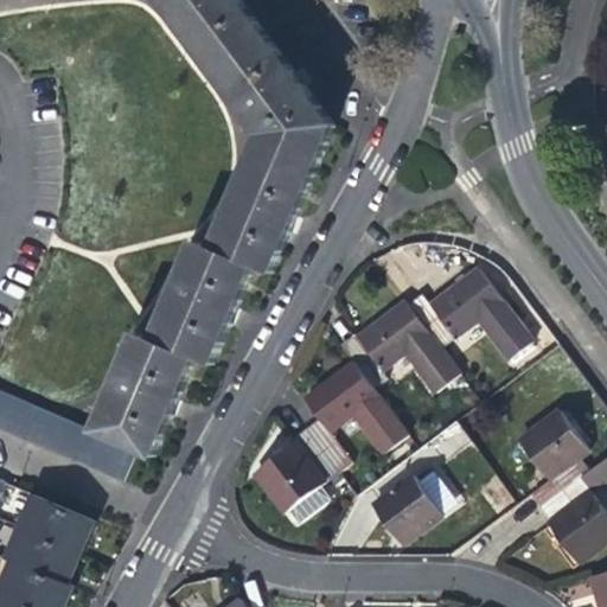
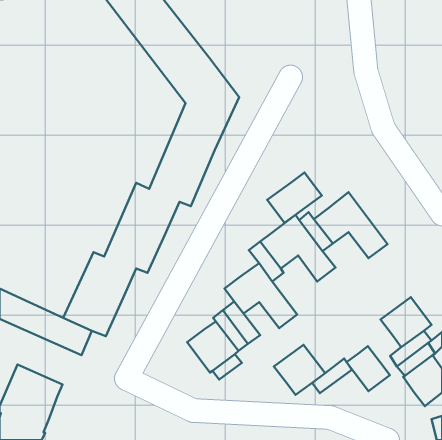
building: none -> [267,173,322,223]
building: none -> [347,346,390,391]

